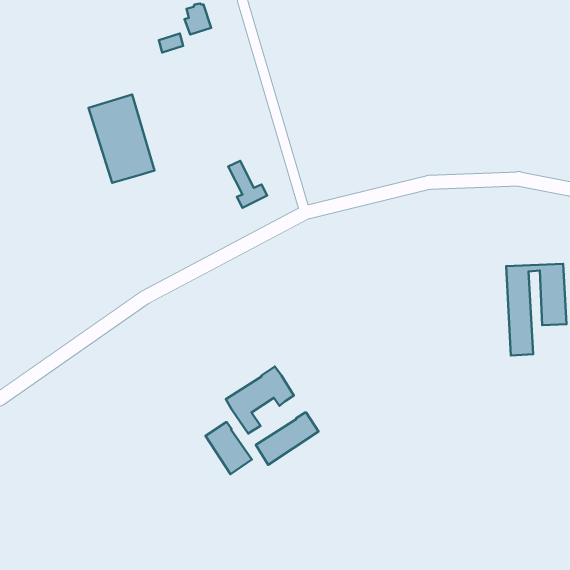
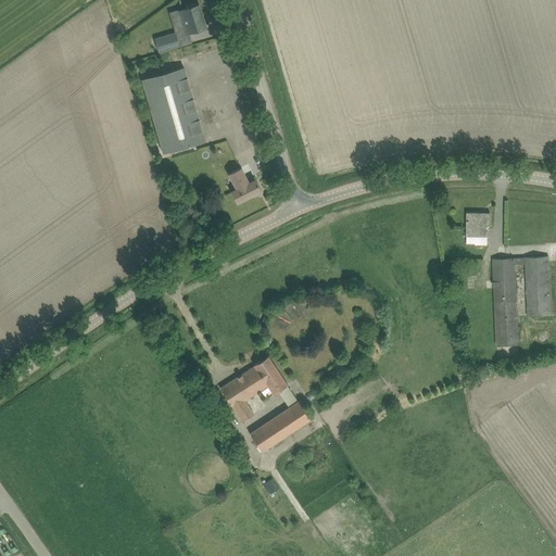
building: [89,94,155,183] -> [140,67,204,153]
building: none -> [466,213,490,238]
building: [205,422,252,474] -> none

